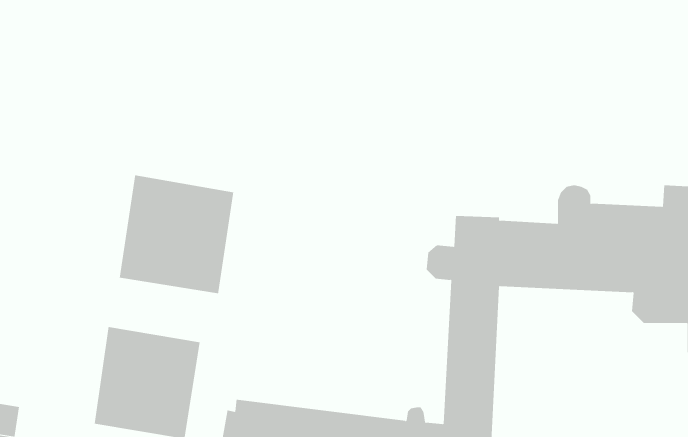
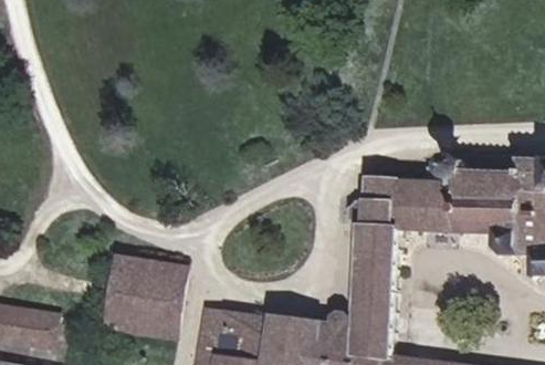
building: [119,174,234,294] -> none

